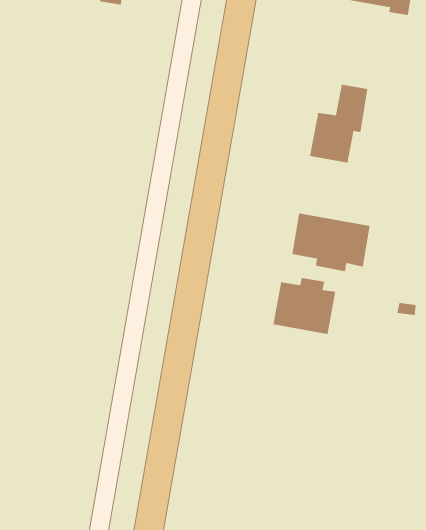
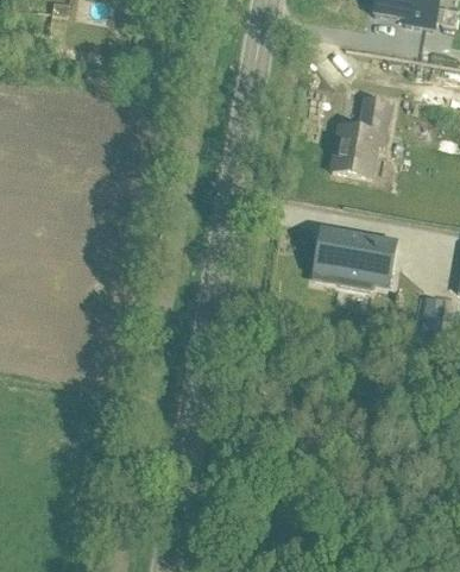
building: [273,277,336,335] -> none

